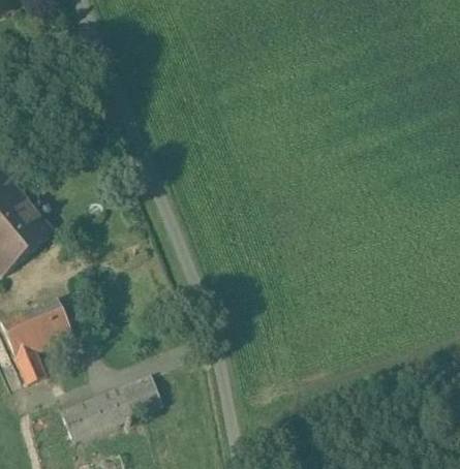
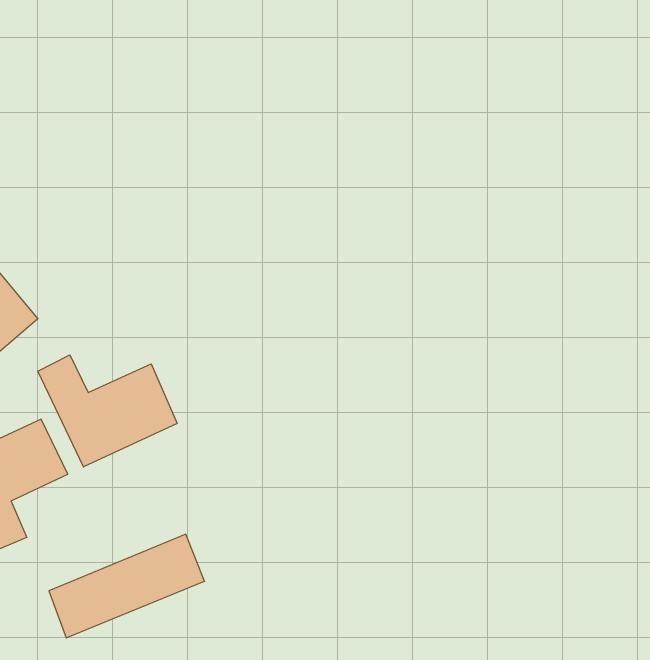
building: none -> [38,355,177,467]

